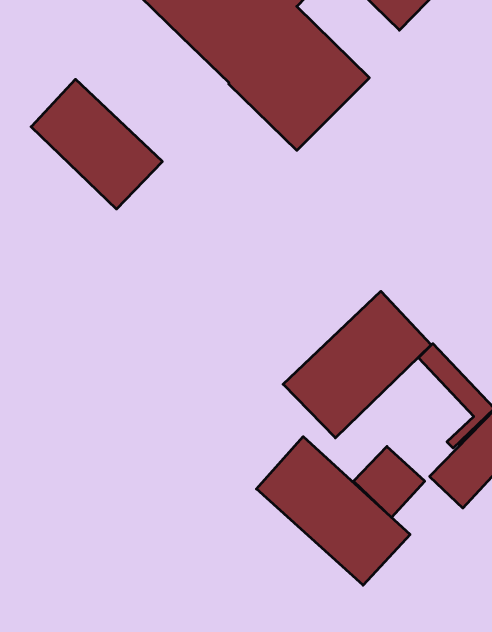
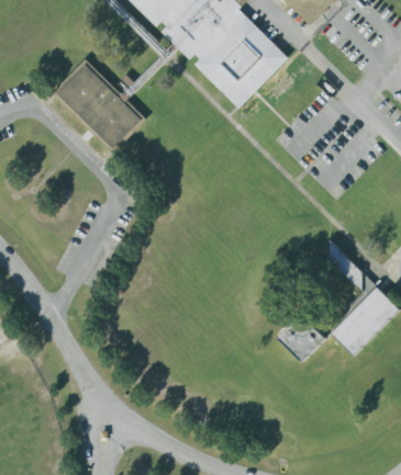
building: [283,291,431,438] -> none
building: [256,437,410,585] -> none

